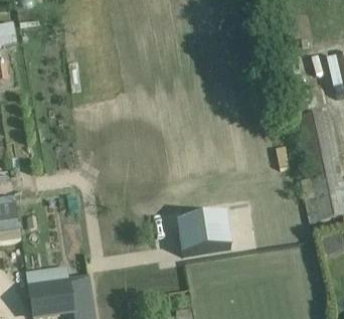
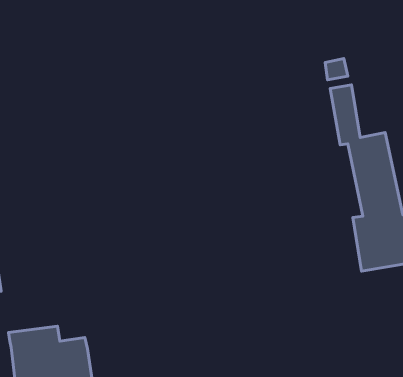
building: [177,212,230,253] -> none

